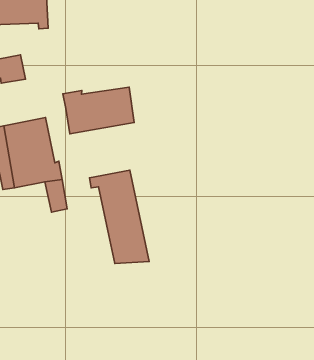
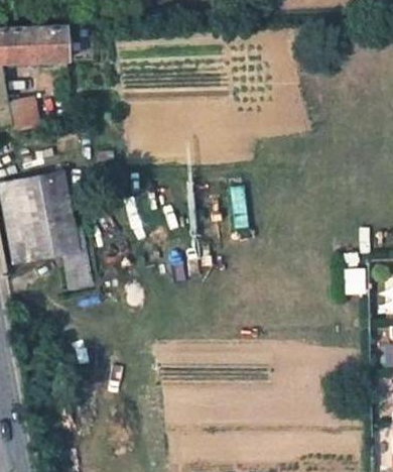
building: [63,87,134,134] -> none
building: [90,170,149,263] -> none

